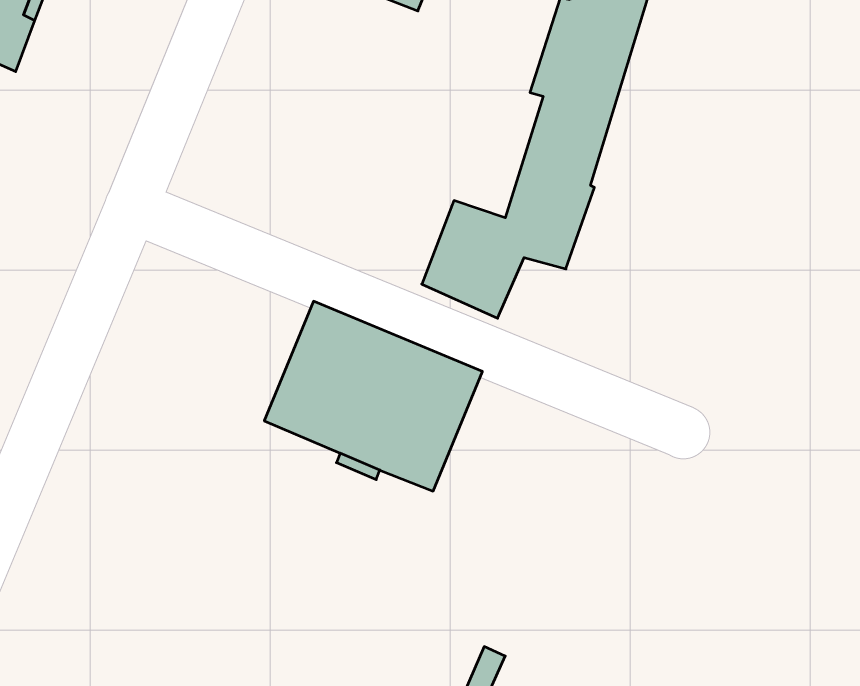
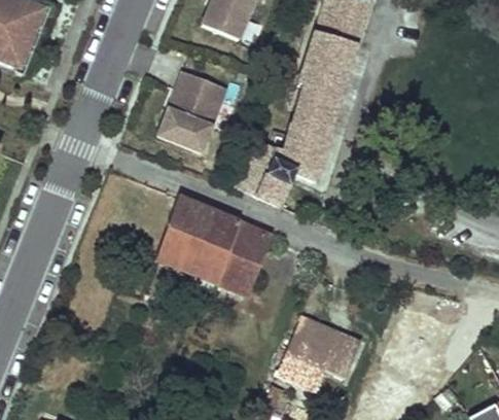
building: none -> [159,72,222,149]
building: none -> [276,313,362,392]

